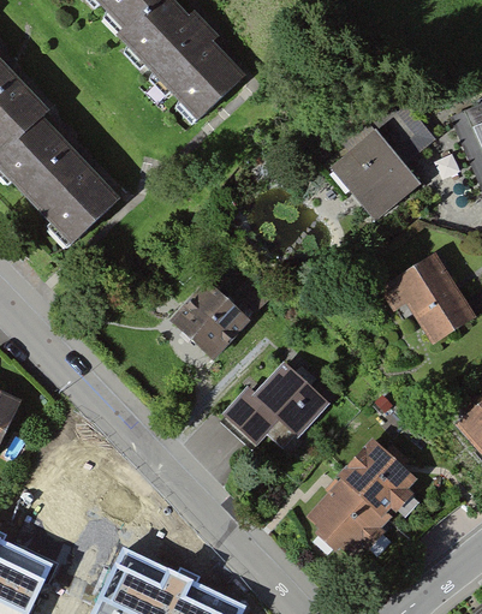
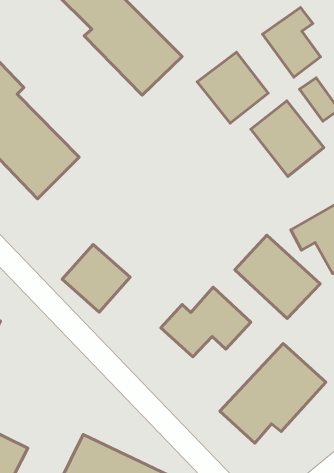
building: none -> [262,7,320,77]
building: none -> [197,52,268,123]
building: [171,278,255,362] -> [62,244,130,312]
building: none -> [235,235,320,318]

